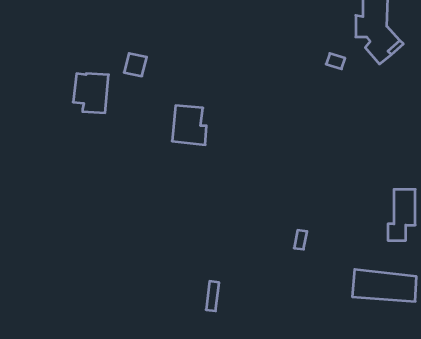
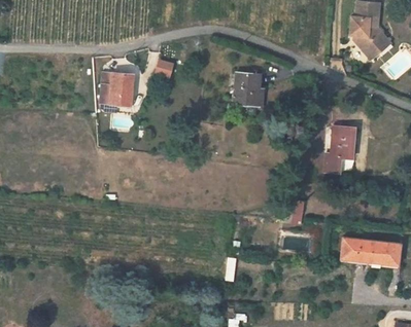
building: [172,106,206,145] -> [234,76,264,110]
building: [388,189,415,240] -> [327,126,350,171]

